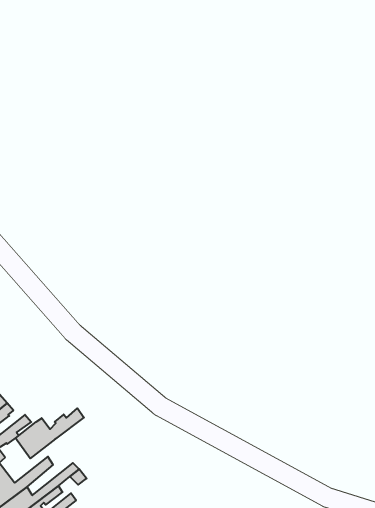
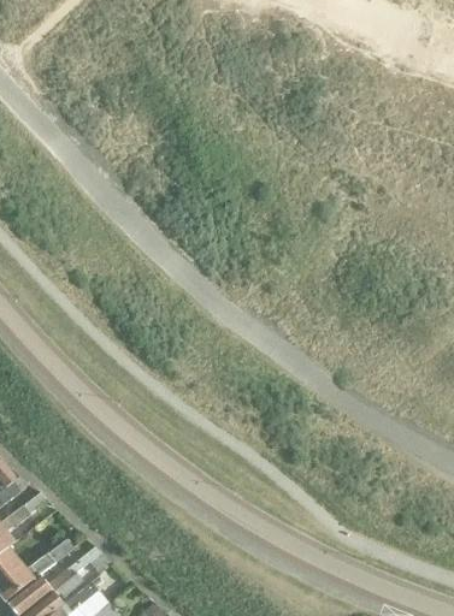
building: [15,408,84,458] -> none

